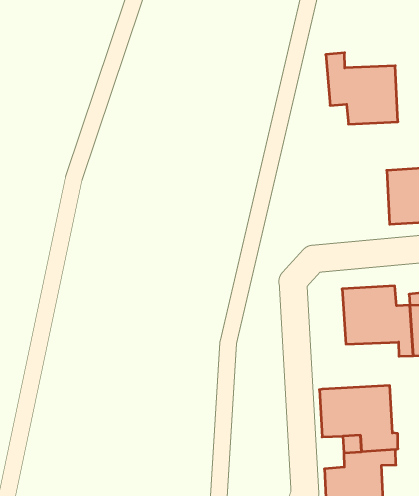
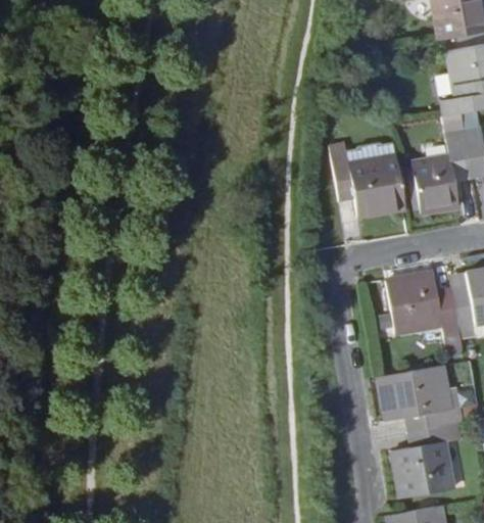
building: [326,53,398,124] -> [330,150,405,217]

